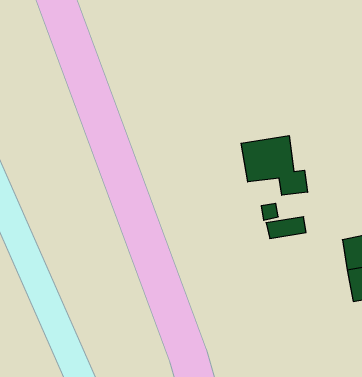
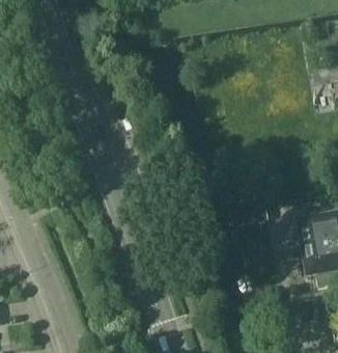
building: [241,136,308,195] -> none

